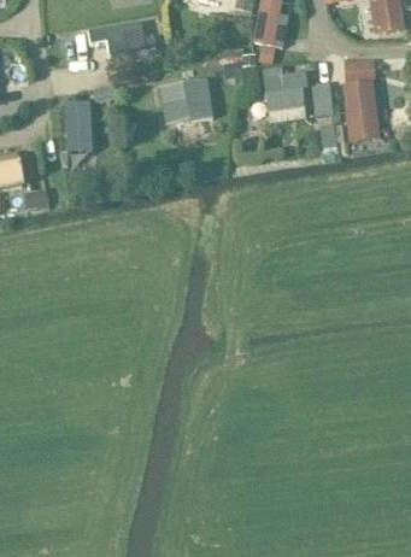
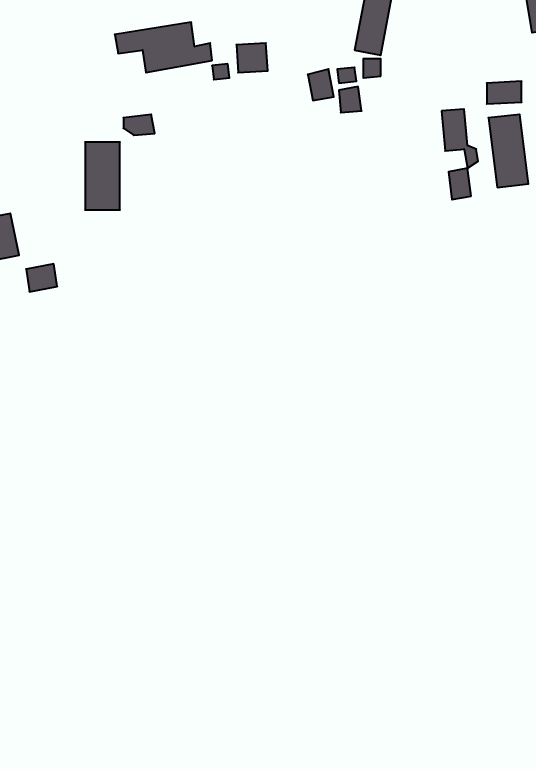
building: [262,66,306,109] -> none
building: [159,78,211,123] -> none

